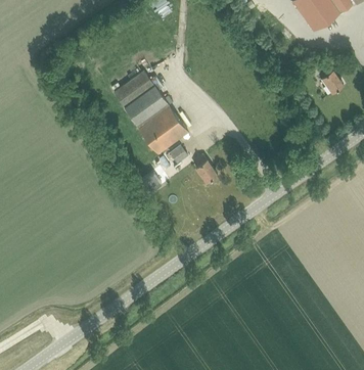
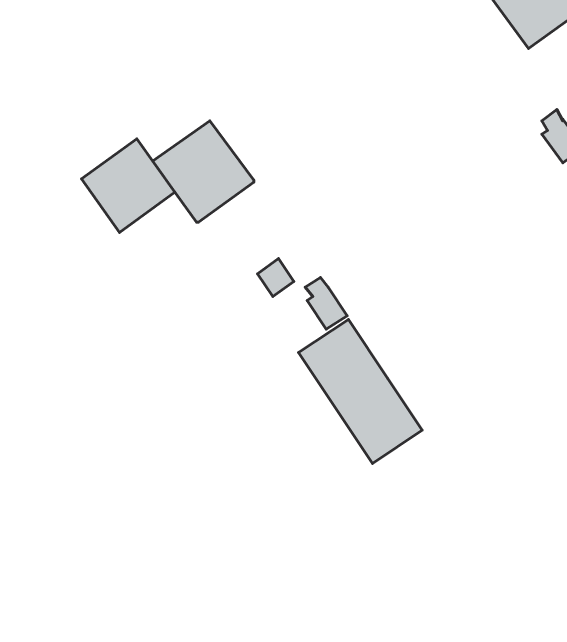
building: [138,104,188,154] -> [81,139,175,232]
building: none -> [299,320,422,463]

